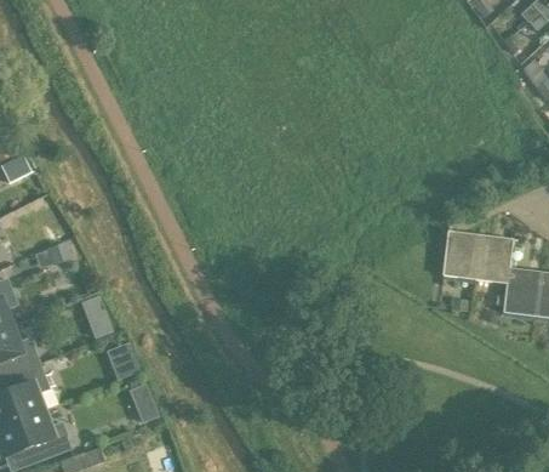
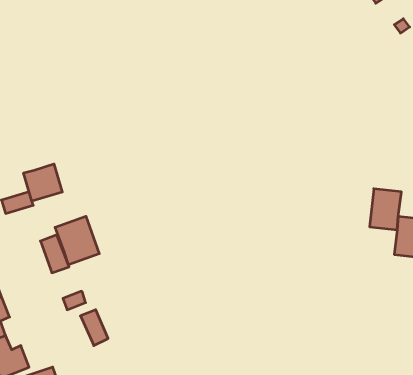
building: none -> [24,164,62,201]
building: [441,232,479,280] -> none
building: none -> [55,216,99,265]

